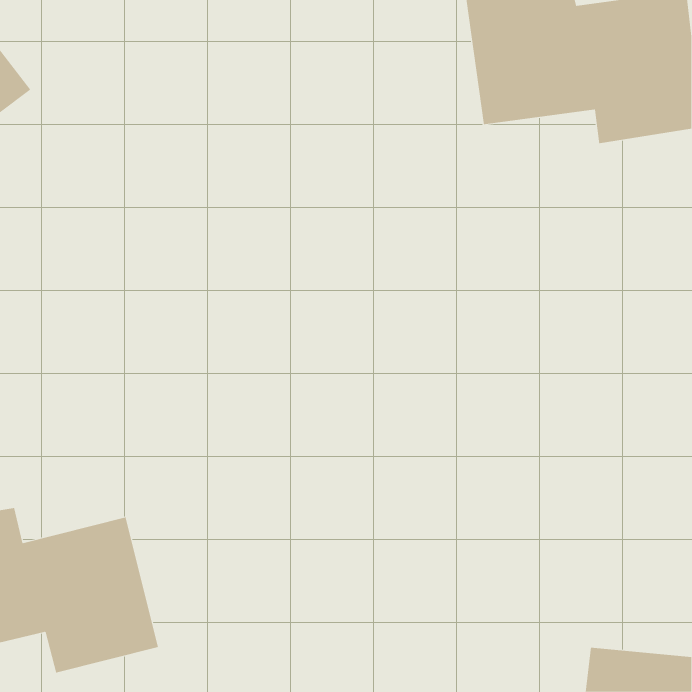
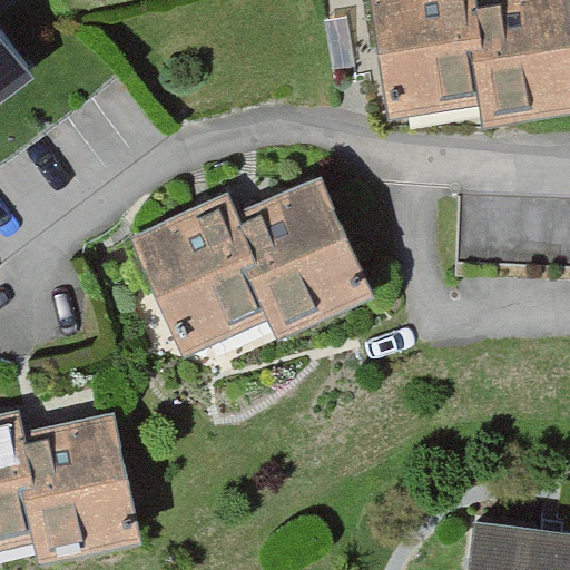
building: none -> [145,189,364,344]

